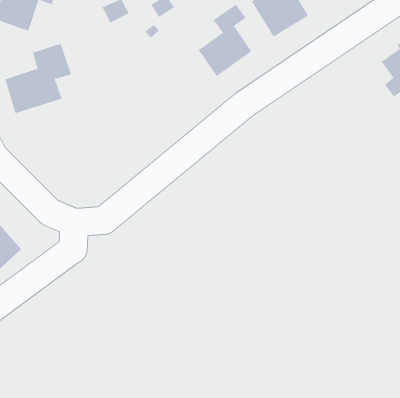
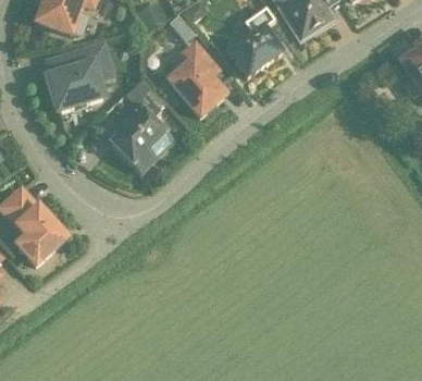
building: none -> [170,42,223,116]
building: none -> [109,77,165,172]

